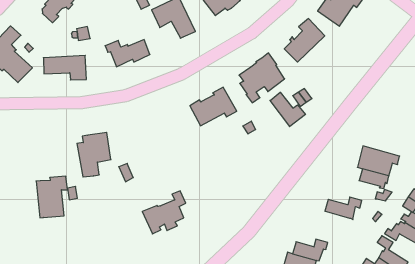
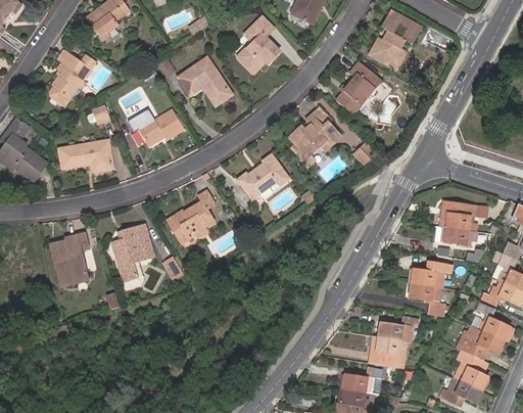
building: [270,92,305,127] -> none
building: [36,176,68,218] -> [49,232,87,284]
building: [142,191,186,234] -> [167,190,216,244]
building: none -> [409,282,444,315]

